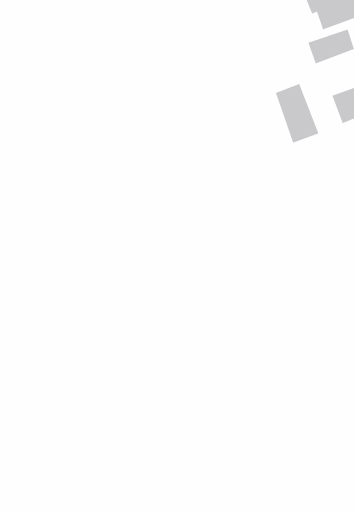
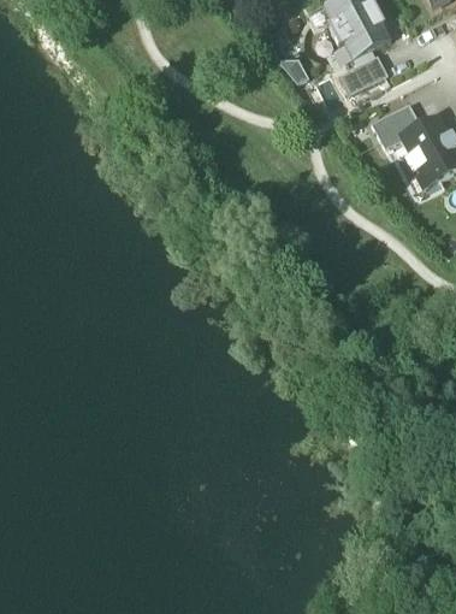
building: [275,83,319,144] -> none

